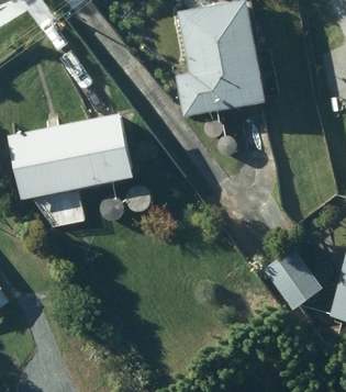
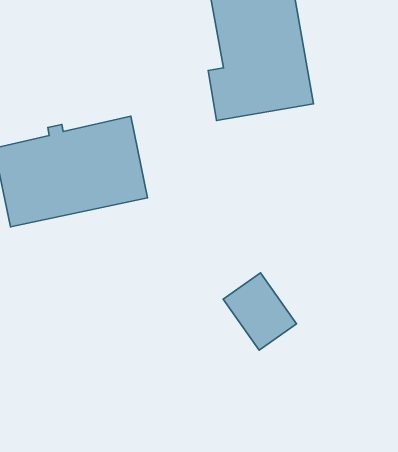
building: [265,247,323,309] -> [223,273,296,350]

